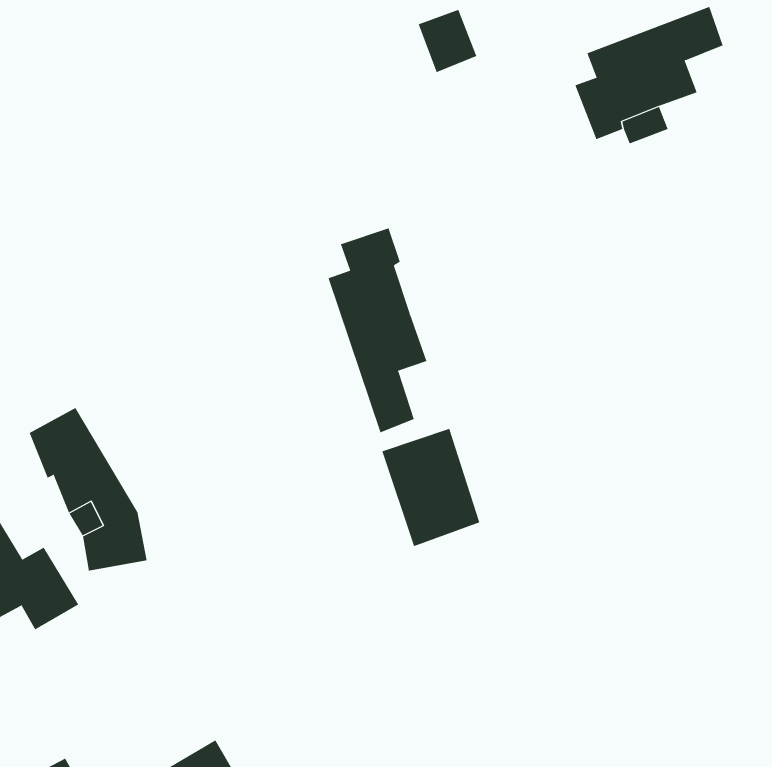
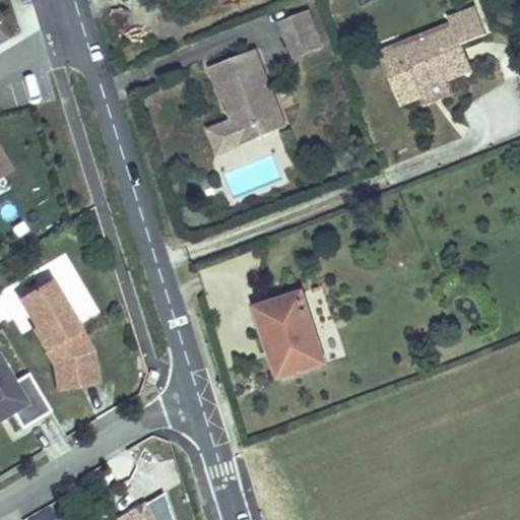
building: none -> [206,50,284,147]
building: [328,228,427,433] -> none

